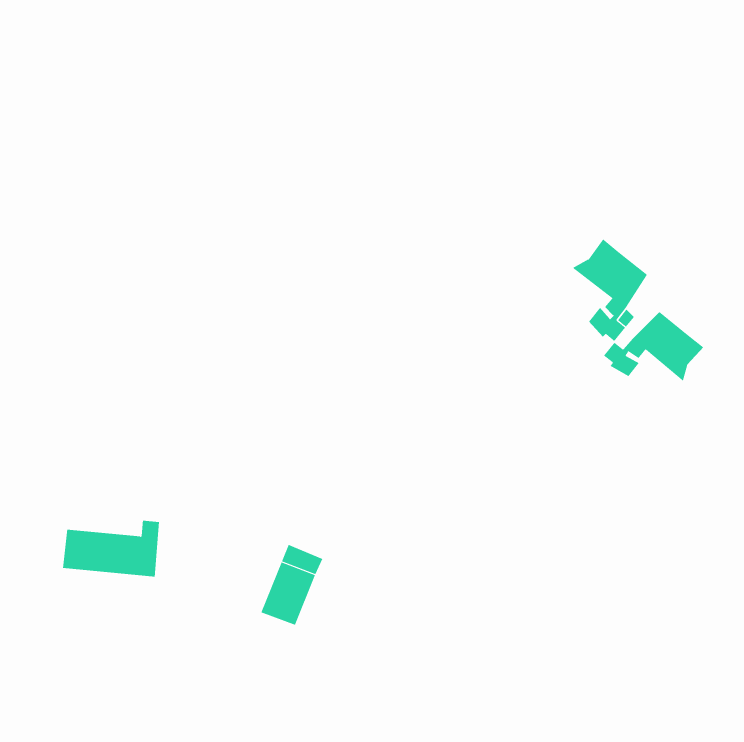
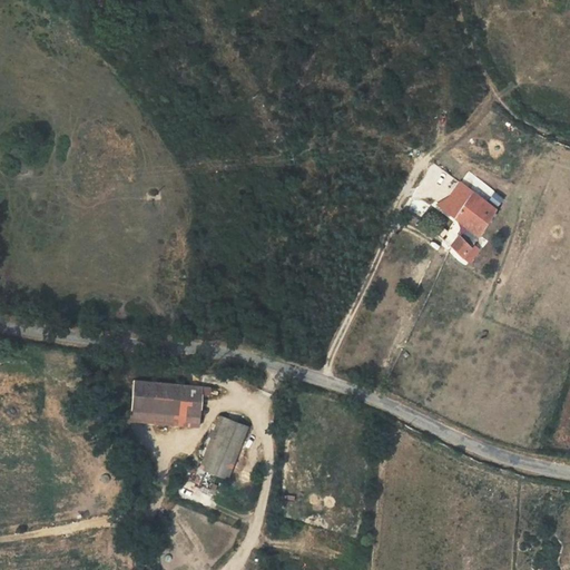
building: [603,311,704,382] -> none
building: [62,520,160,577] -> [129,375,204,419]

